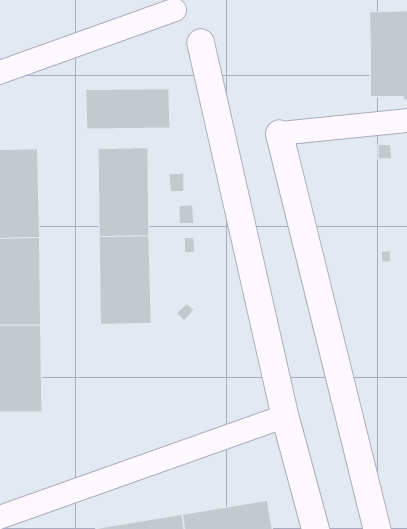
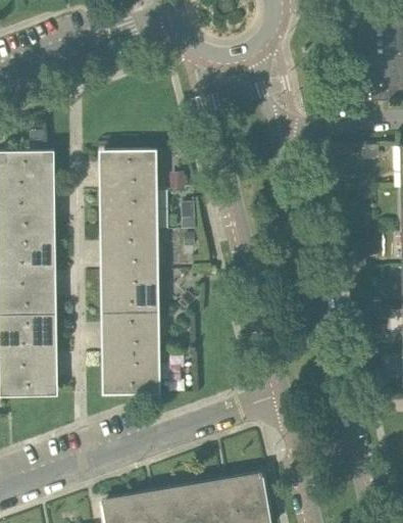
building: [86,88,170,129] -> none
building: none -> [107,312,156,393]

